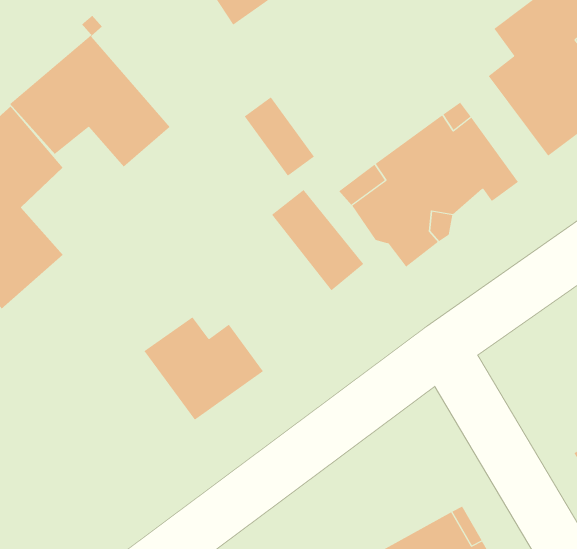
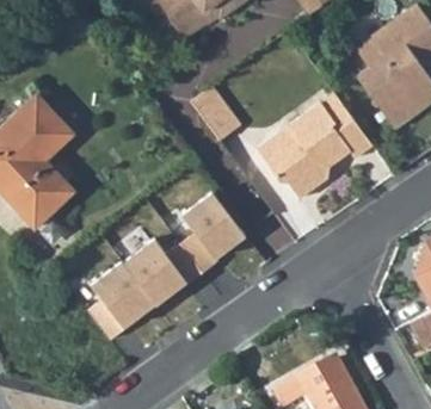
building: [9,15,171,168] -> none
building: none -> [181,188,248,269]
building: none -> [91,256,159,337]

